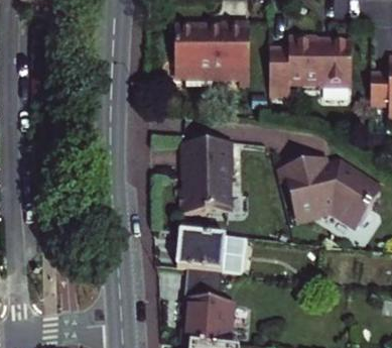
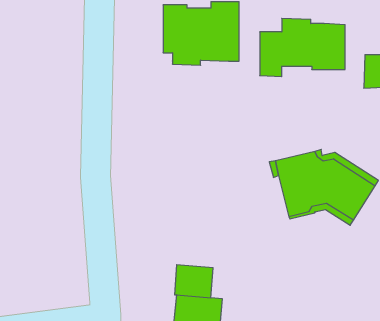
building: [180,146,230,218] -> none
building: [177,235,246,277] -> none

